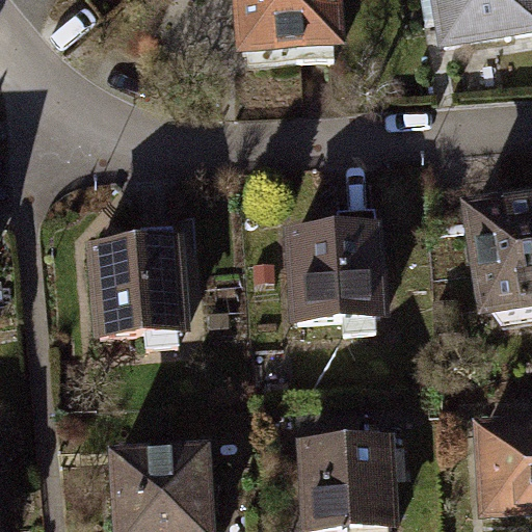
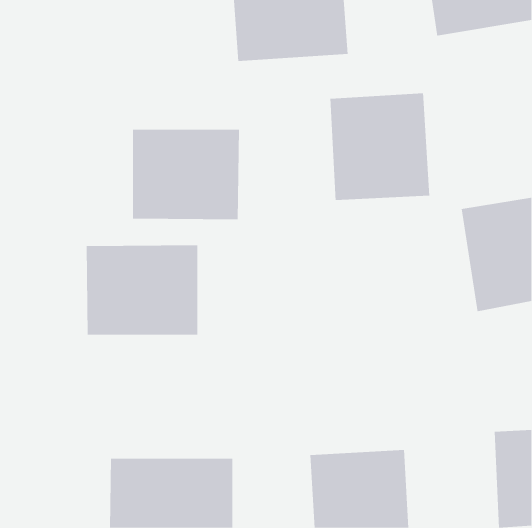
building: none -> [330,92,430,201]
building: none -> [133,129,239,220]
building: [285,228,392,318] -> none

